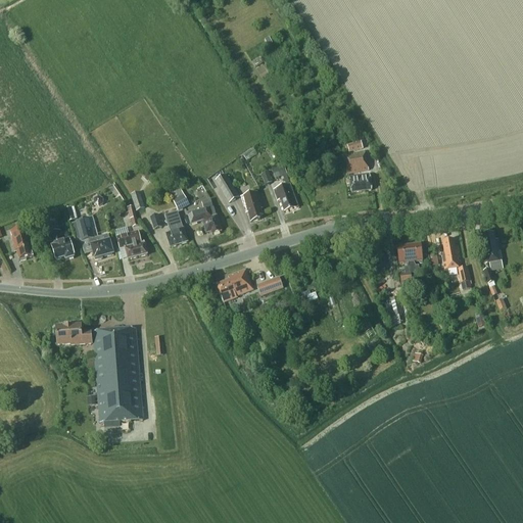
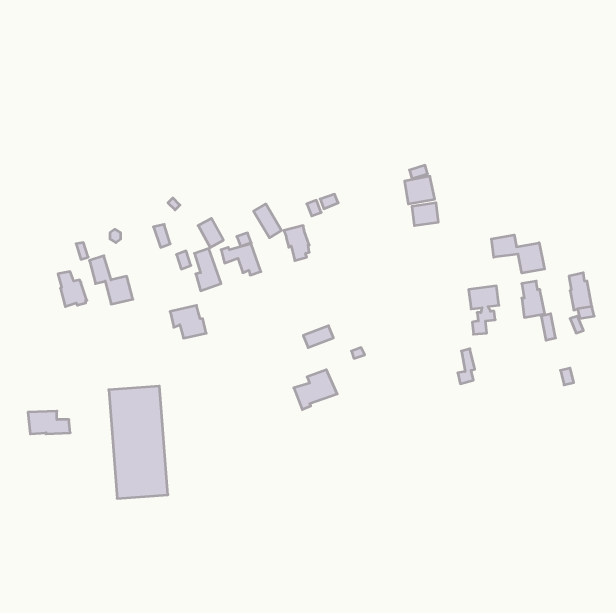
building: [273,182,297,209] -> none
building: none -> [491,235,545,273]
building: [8,225,33,258] -> none
building: [115,230,146,257] -> [170,305,206,338]
building: [216,268,252,301] -> [294,370,337,410]
building: [55,324,91,343] -> [28,411,70,434]

